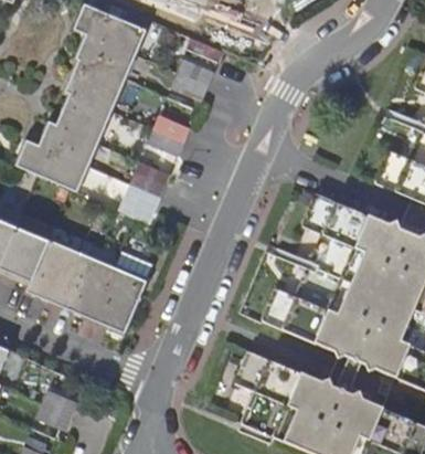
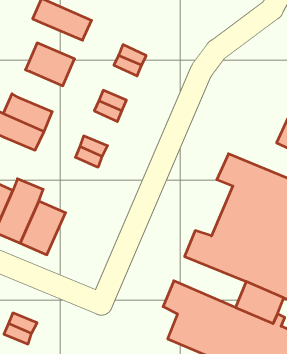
building: [75,32,135,76] -> none
building: [55,92,110,141] -> none
building: [91,251,152,332] -> none

